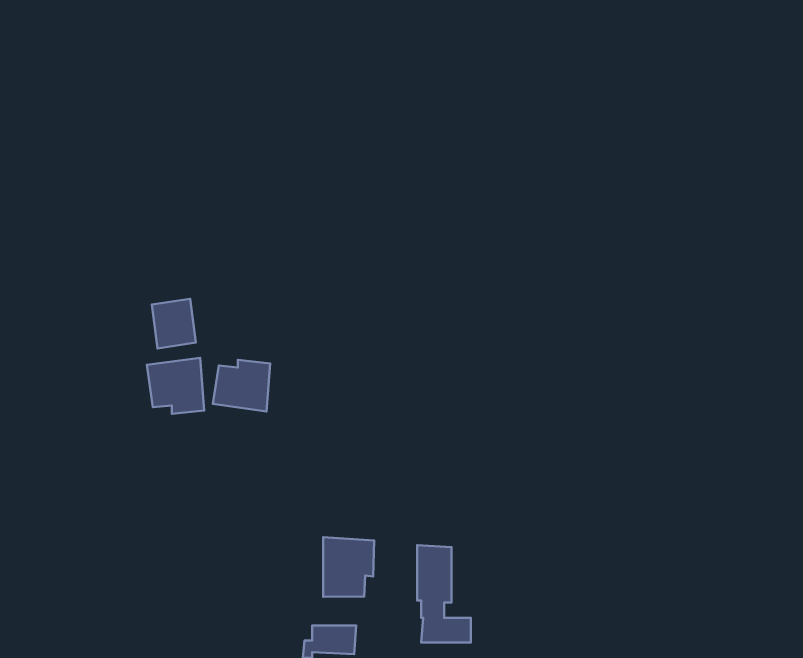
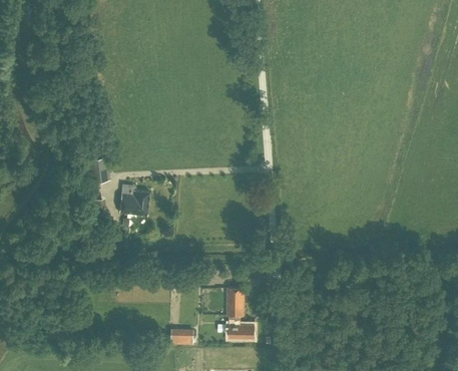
building: [147,358,204,414] -> none
building: [323,537,374,597] -> none

